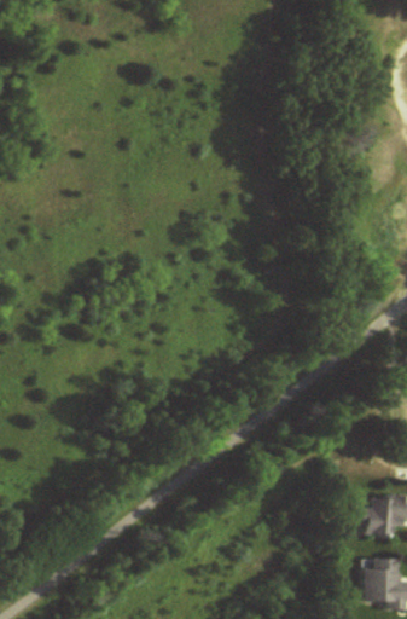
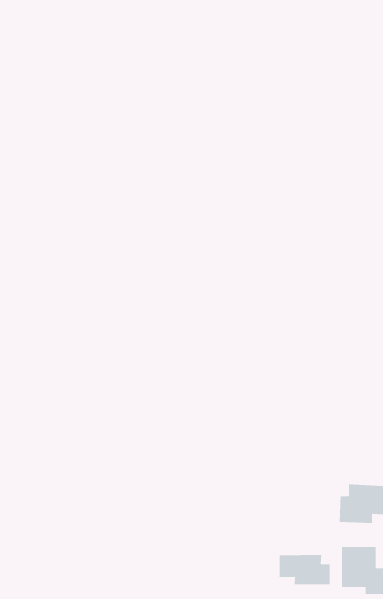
building: none -> [279,554,331,585]

